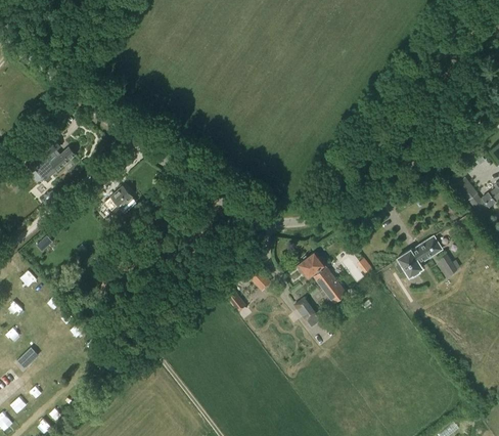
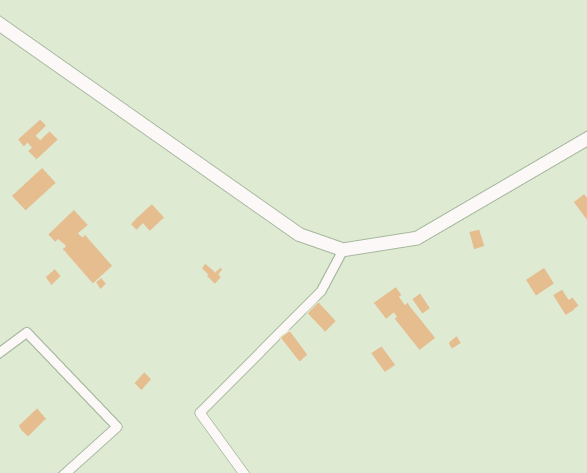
building: [42,138,75,171] -> [17,119,58,160]
building: none -> [48,209,113,284]
building: [396,249,425,277] -> none

